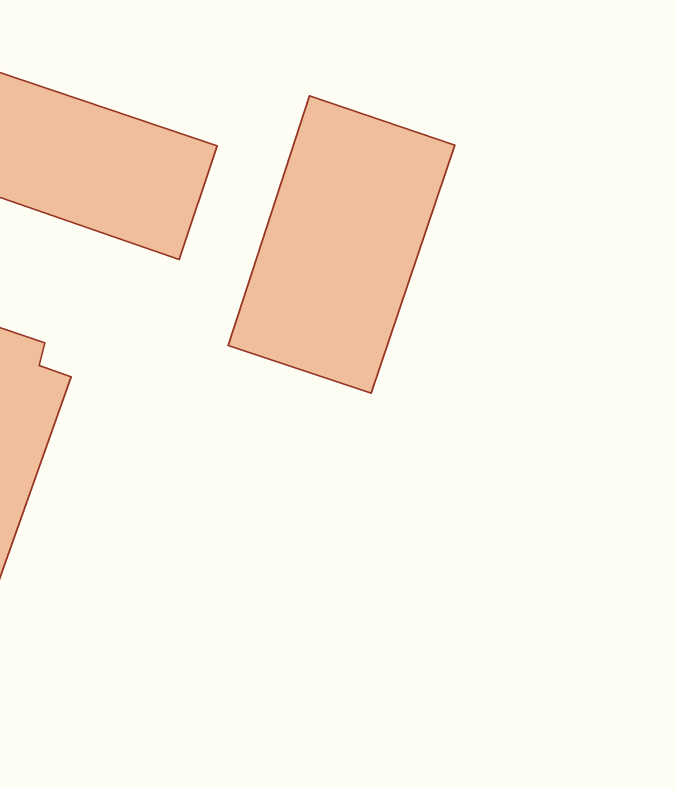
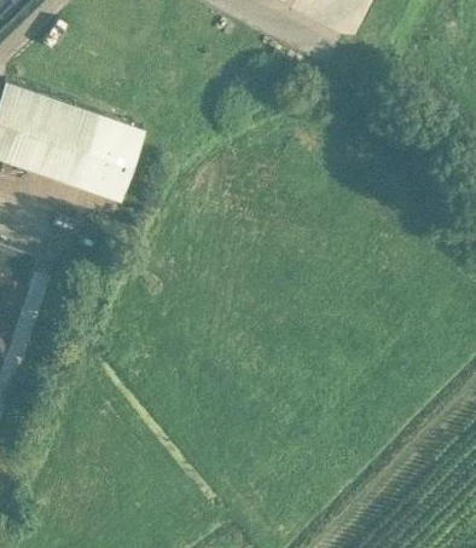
building: [228,96,455,393] -> none

